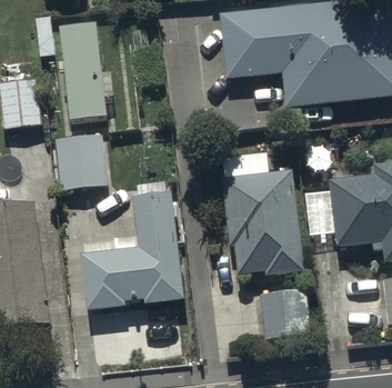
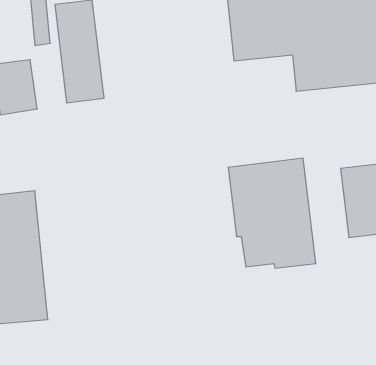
building: [54,135,108,188] -> none
building: [80,180,183,310] -> none
building: [260,288,311,338] -> none

